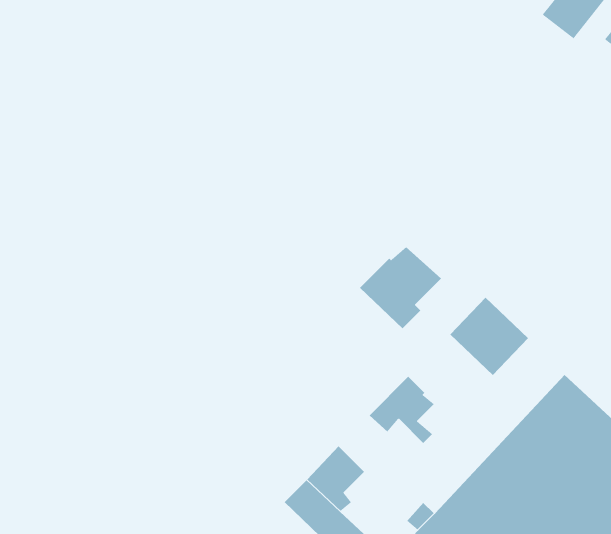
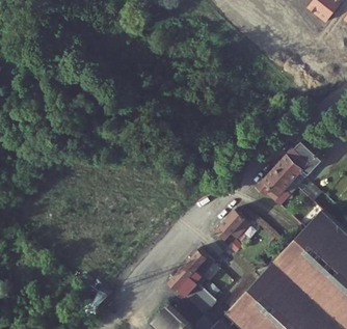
building: [359,246,442,329] -> [276,142,322,188]

